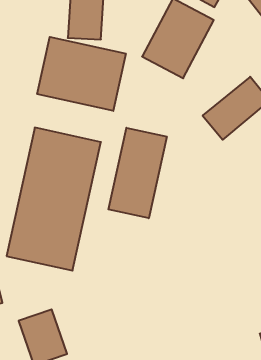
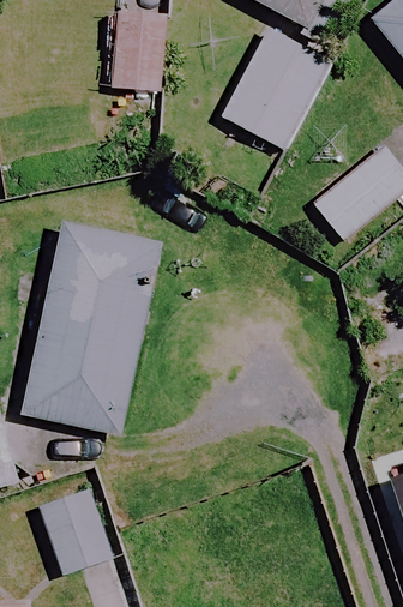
building: [37,37,126,111] -> none
building: [108,128,167,218] -> none

